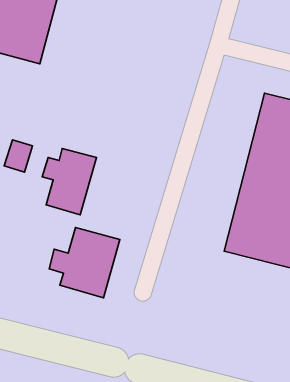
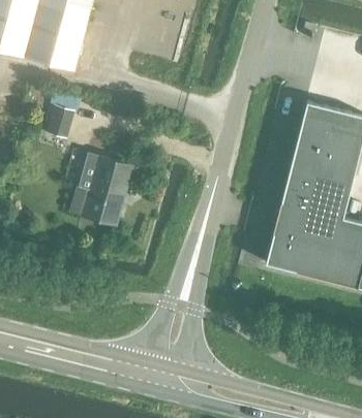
building: [4,140,33,172] -> [46,106,74,139]
building: [49,228,120,298] -> none

